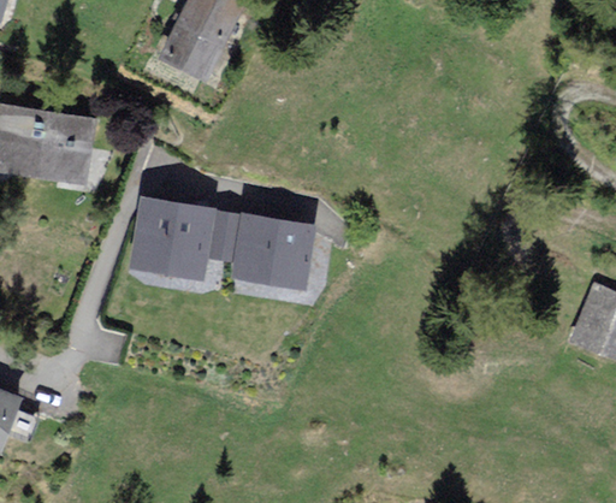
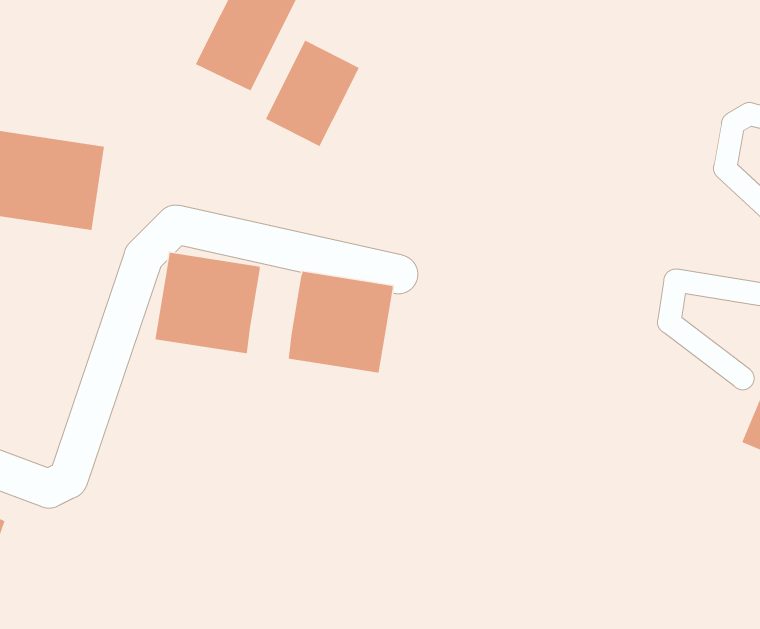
building: none -> [265,39,360,147]
building: [205,212,242,260] -> none

